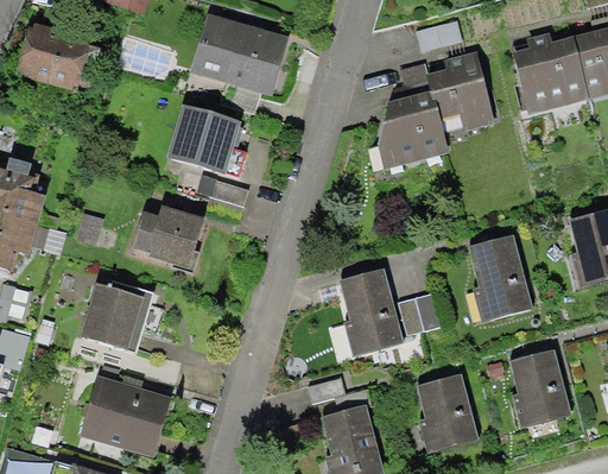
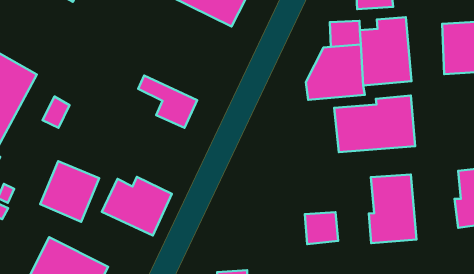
building: [175,108,246,172] -> none
building: none -> [334,95,415,152]
building: [126,206,204,271] -> [102,177,172,235]
building: [336,268,403,356] -> none

